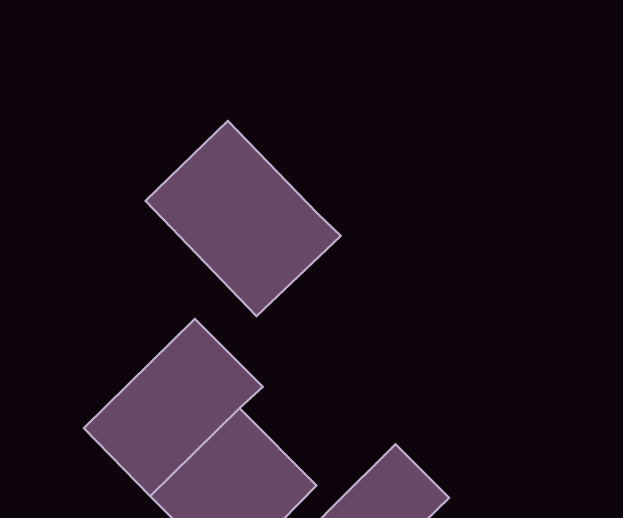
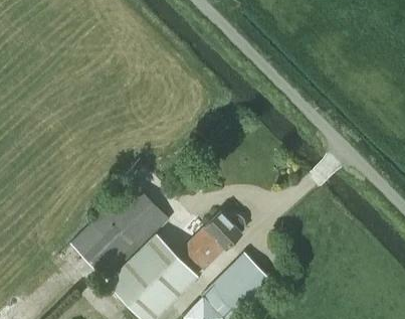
building: [146,121,341,316] -> none
building: none -> [181,210,245,272]

